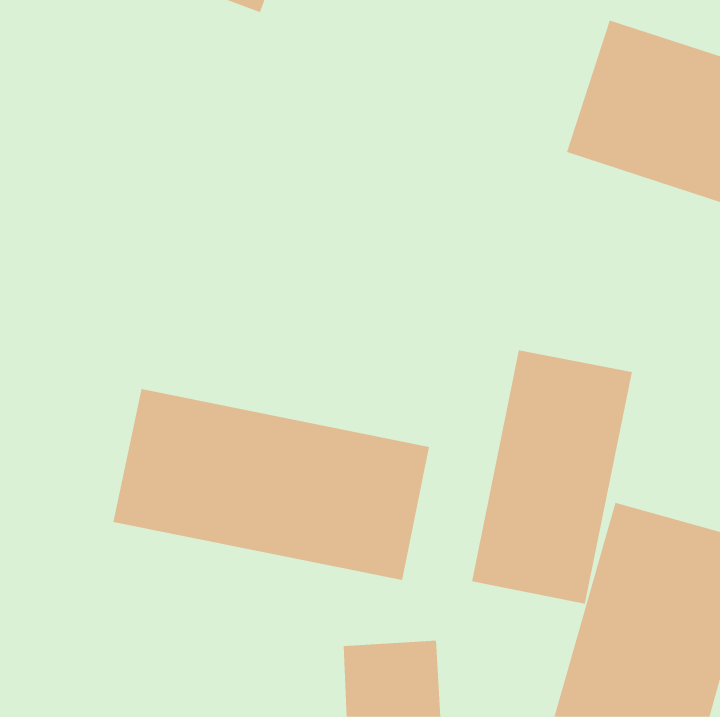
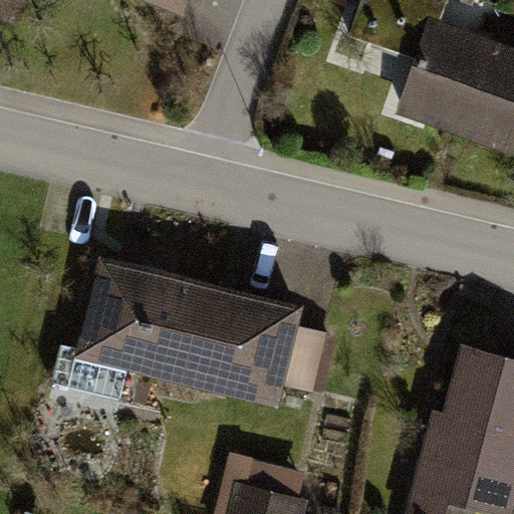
building: [471,349,633,605] -> none

